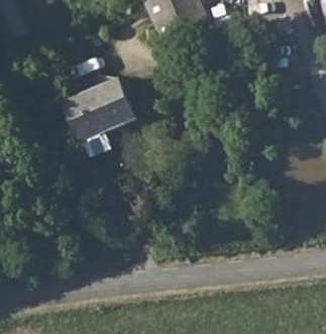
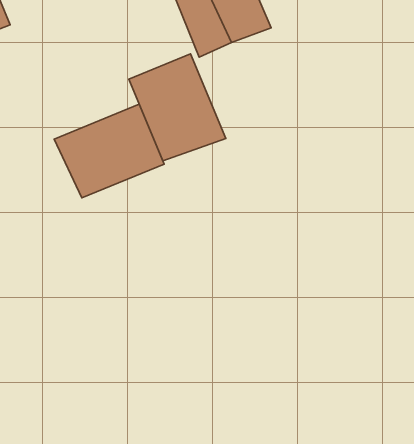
building: none -> [129,54,226,161]

